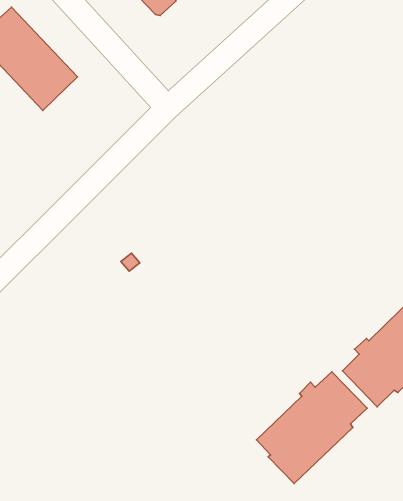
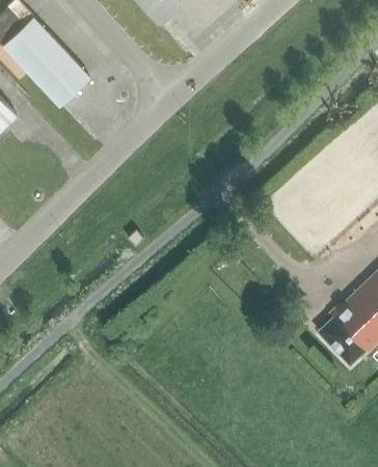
building: [257,372,367,483] -> none

